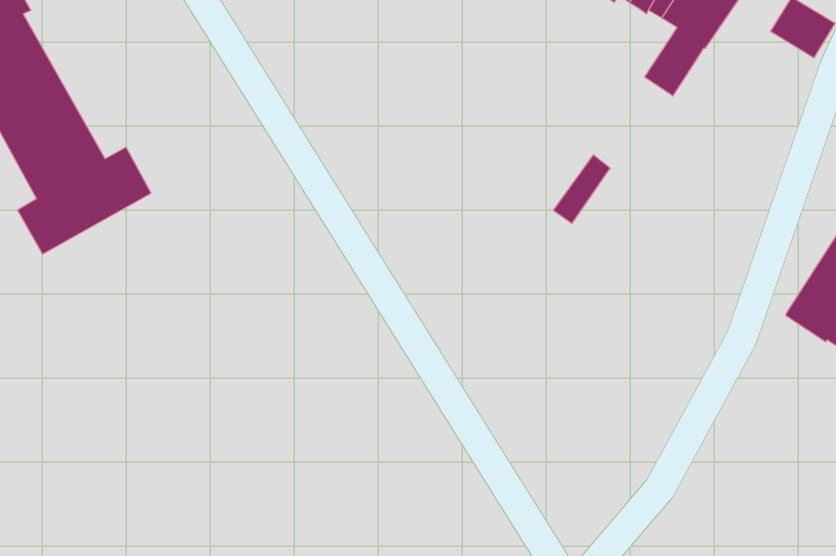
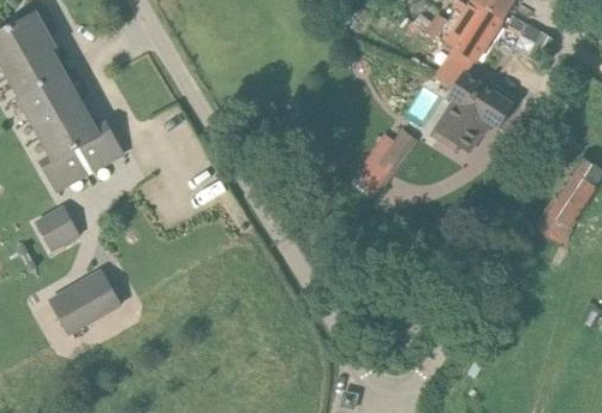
building: none -> [441,73,513,150]
building: none -> [37,206,82,251]
building: none -> [53,273,121,333]

